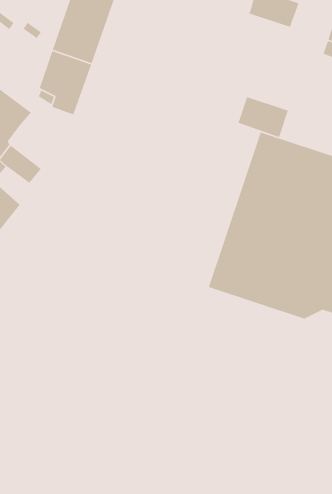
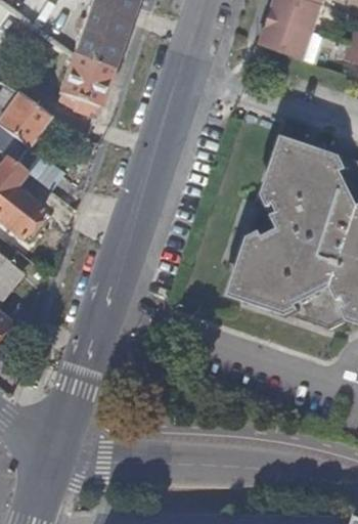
building: [238,96,289,137] -> [262,16,314,58]

